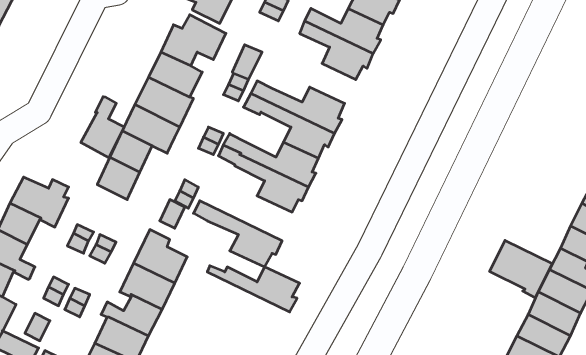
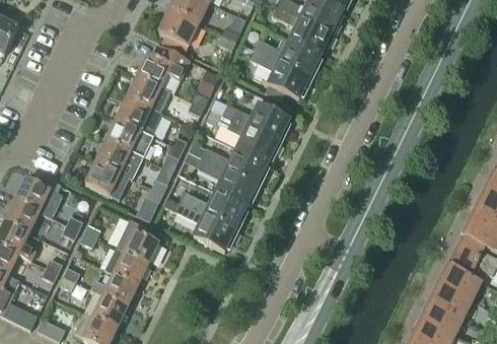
building: [81,97,124,158] -> none
building: [490,240,552,298] -> none
building: [207,266,300,312] -> [168,193,243,230]

